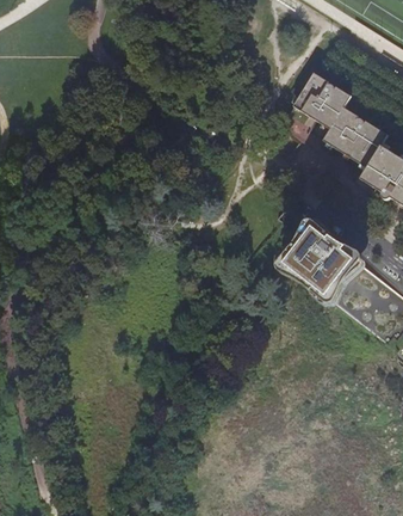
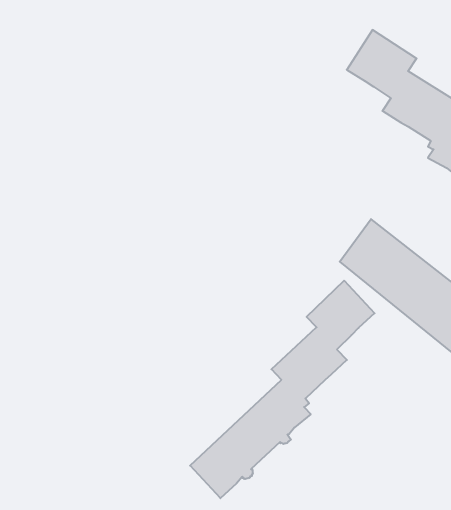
building: none -> [190,281,375,498]

